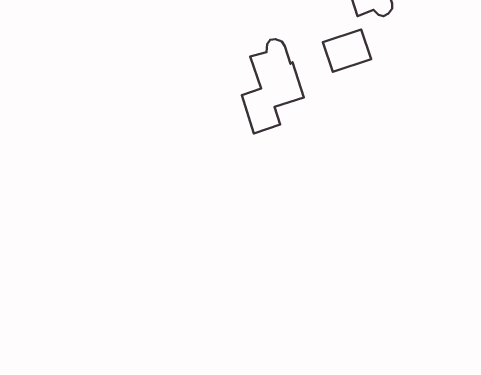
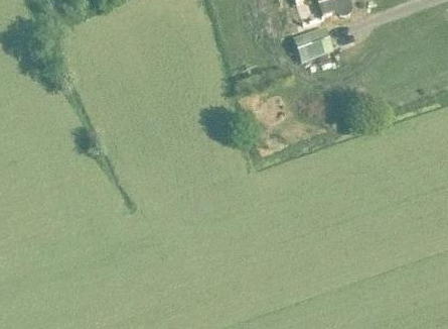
building: [242,39,304,134] -> none

